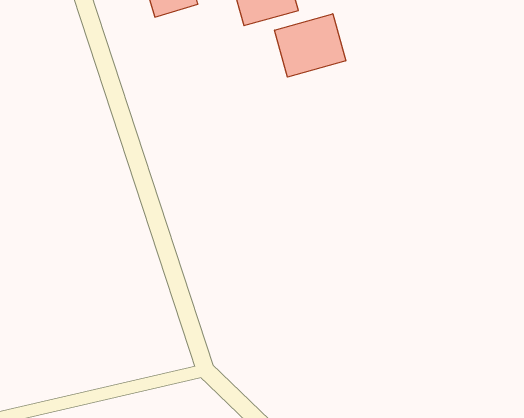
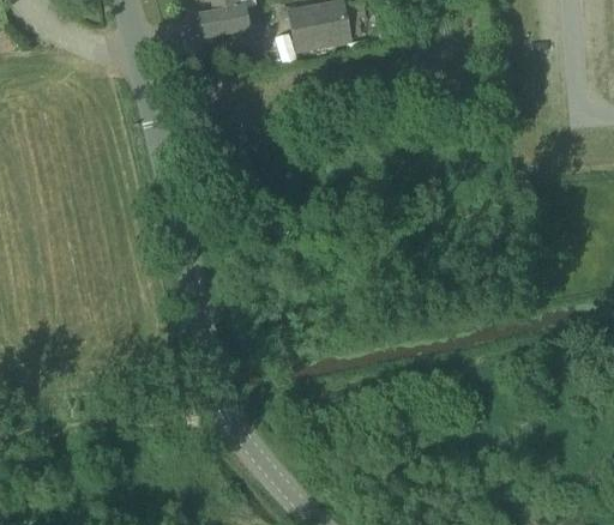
building: [275,14,346,77] -> none

